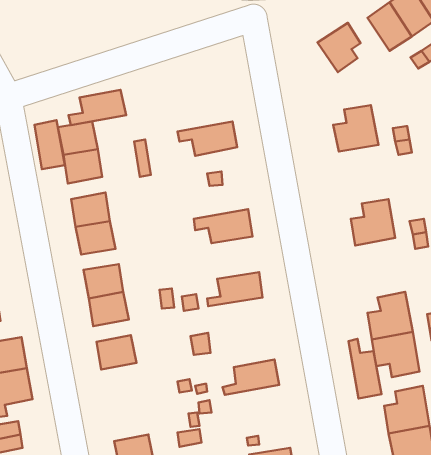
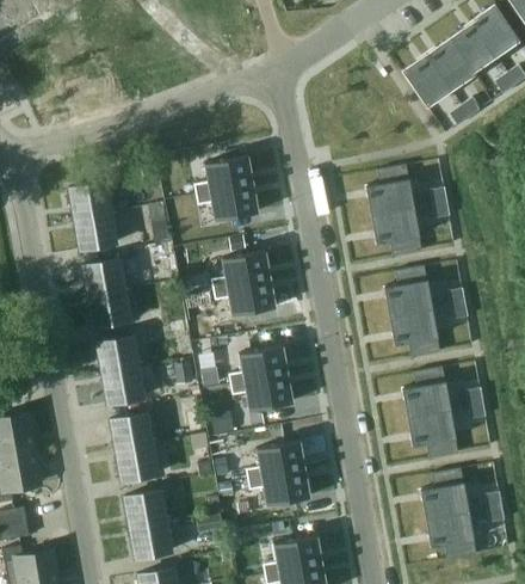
building: [318,23,360,72] -> none
building: [69,90,126,125] -> [194,155,257,193]
building: [35,120,65,169] -> none
building: none -> [371,208,421,256]
building: none -> [212,250,273,288]
building: none -> [389,308,440,357]
building: none -> [230,373,295,408]
building: [349,339,382,399] -> none
building: none -> [115,443,158,480]
building: none -> [248,467,311,504]
building: none -> [123,491,166,528]

